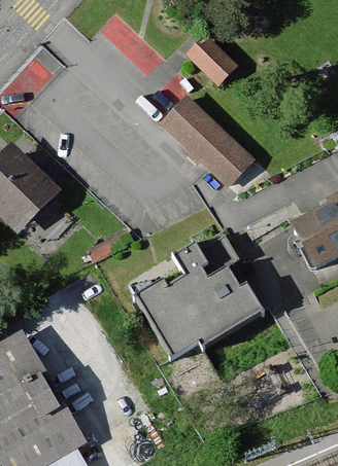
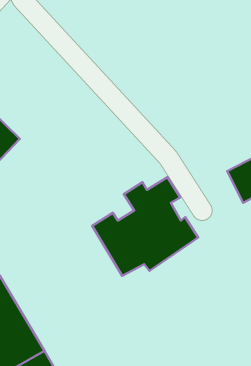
building: [188,37,234,82] -> none
building: [167,100,252,181] -> none

